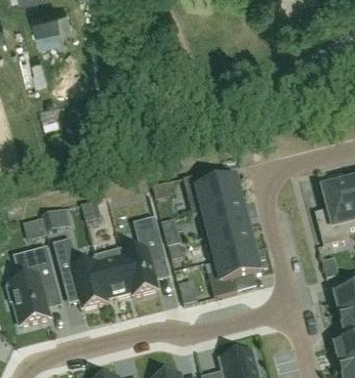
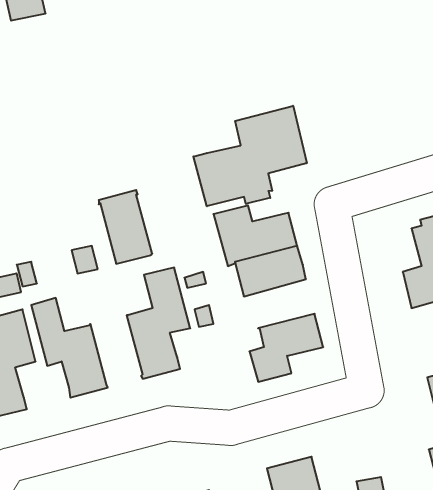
building: none -> [193,106,307,206]
building: [204,224,254,261] -> none
building: [94,247,132,299] -> [99,190,152,264]

